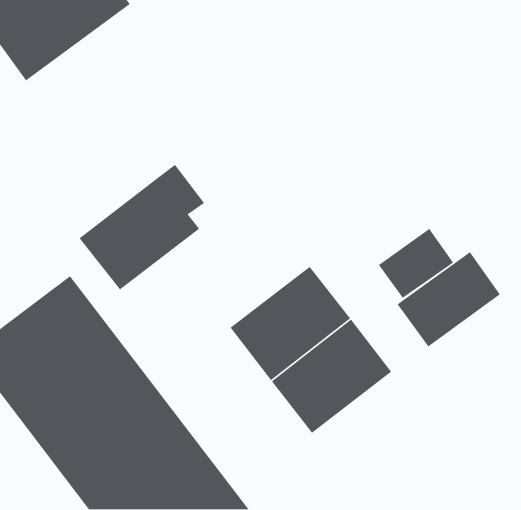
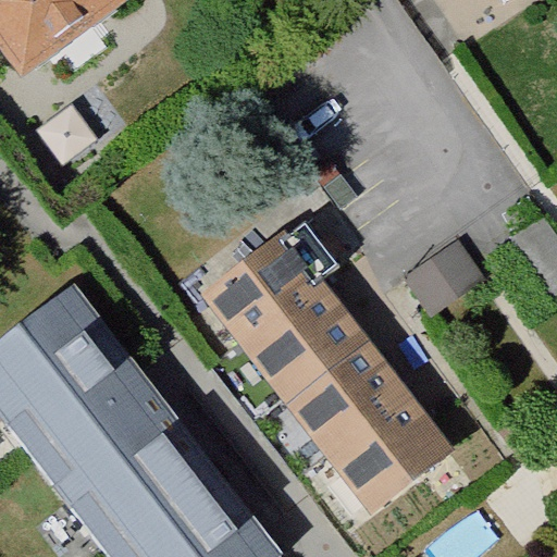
building: [79,164,205,291] -> [199,212,333,346]
building: [396,251,501,348] -> none
building: none -> [330,393,457,513]

